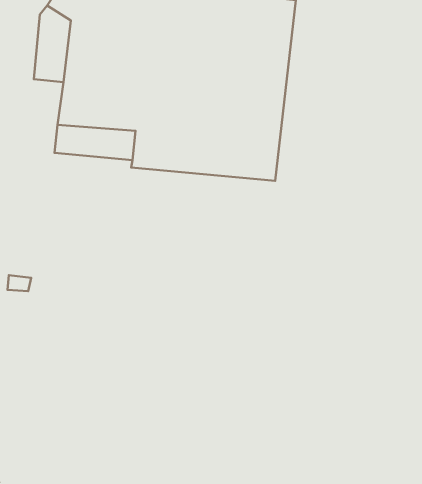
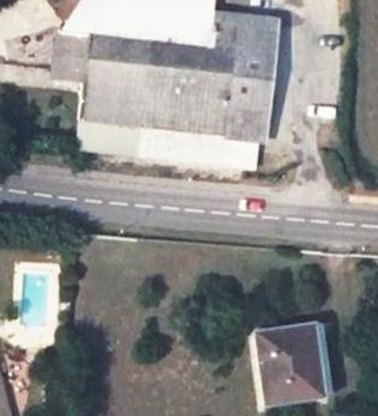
building: none -> [258,322,325,400]

